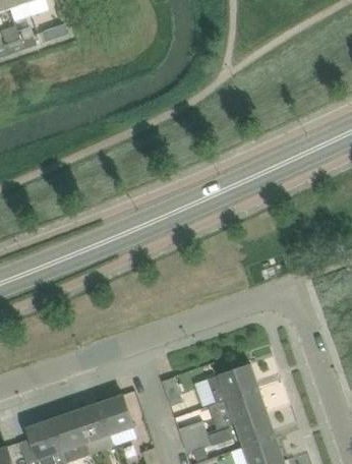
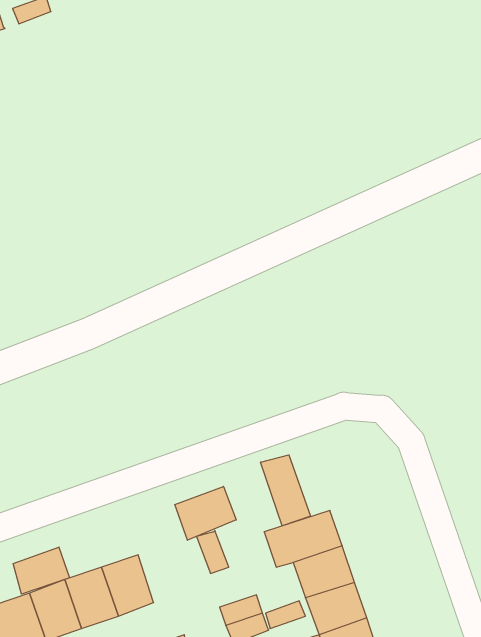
building: none -> [261,455,310,526]
building: none -> [175,486,236,540]
building: none -> [13,547,70,594]

